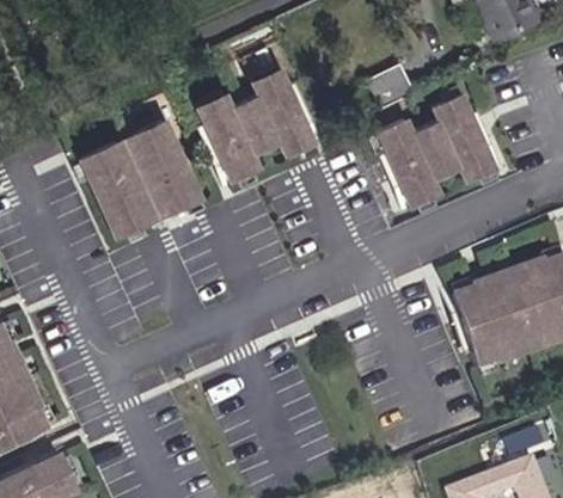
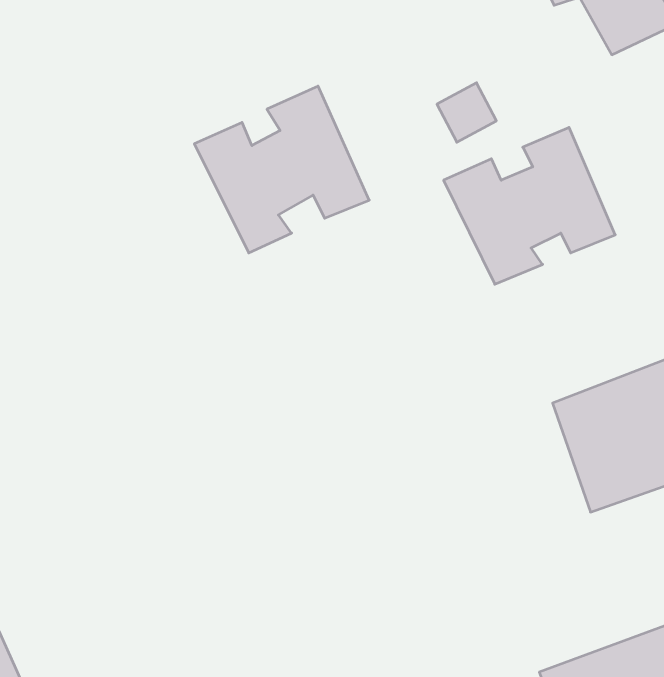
building: [74,110,194,227] -> none

